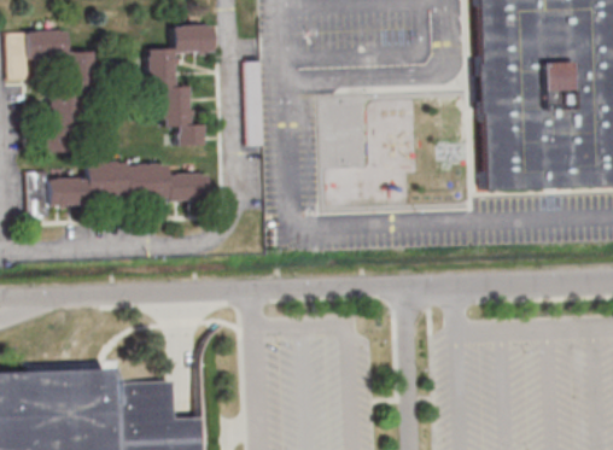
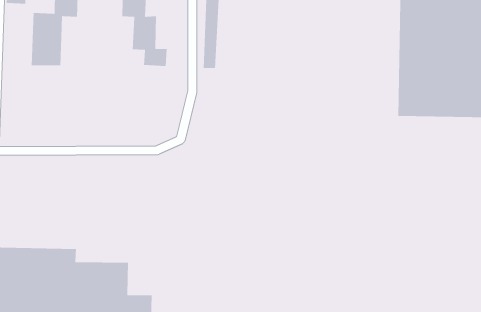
building: [30,163,210,220] -> none

